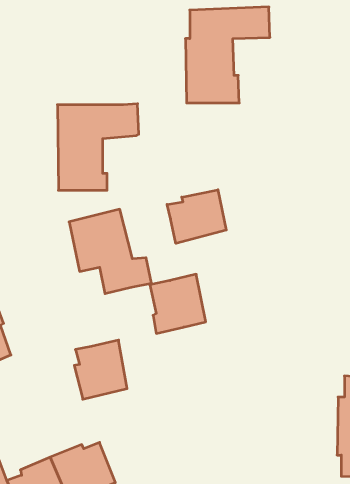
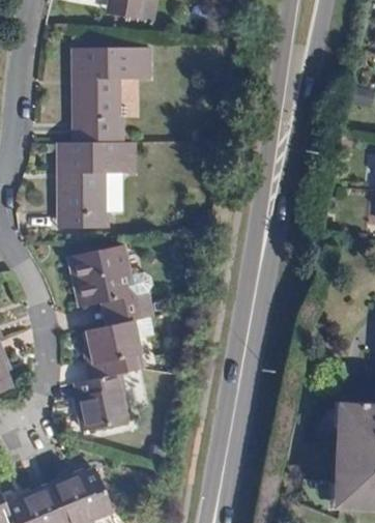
building: [185,7,270,103] -> [73,46,155,140]
building: [167,190,226,243] -> none
building: [150,274,206,333] -> [88,319,143,377]

